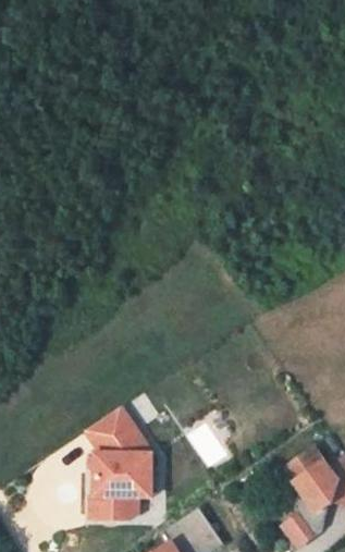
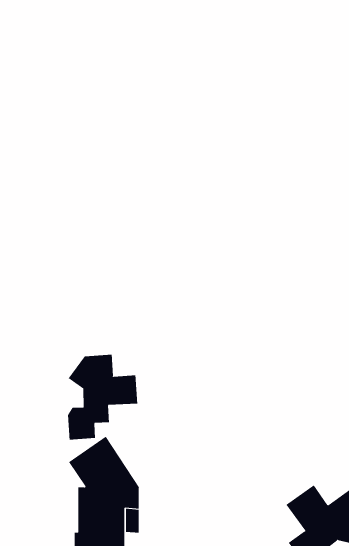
building: none -> [68,354,138,440]

